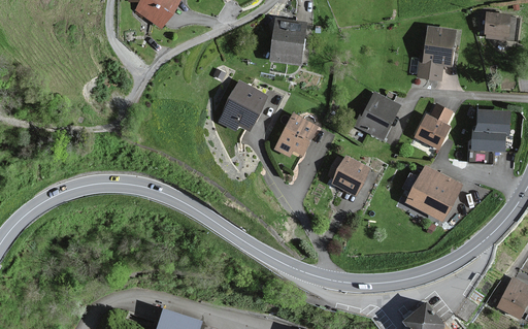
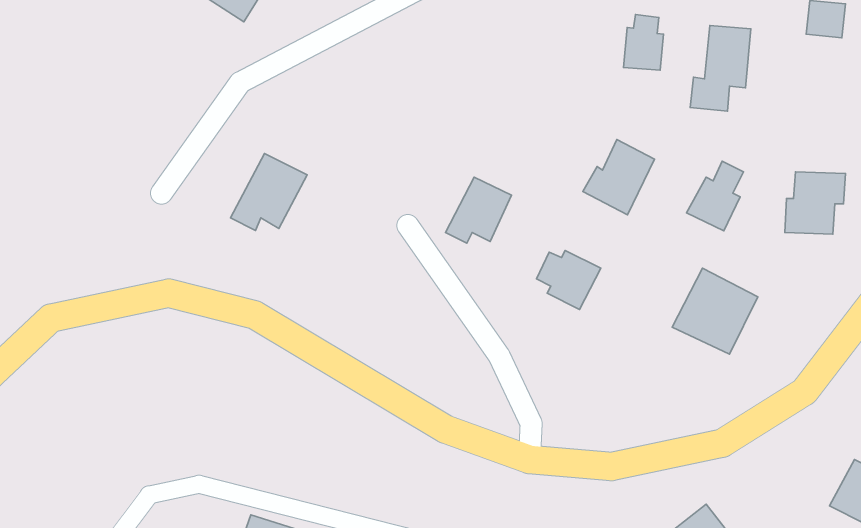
building: none -> [623,15,663,70]
building: [271,22,302,62] -> none
building: [220,85,264,129] -> [231,154,307,230]

